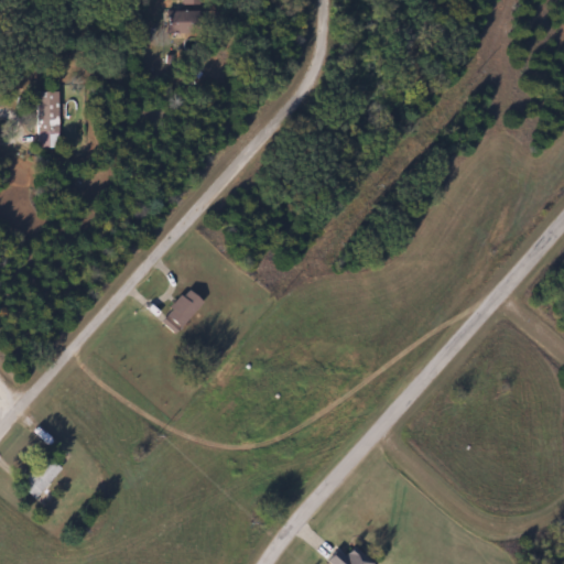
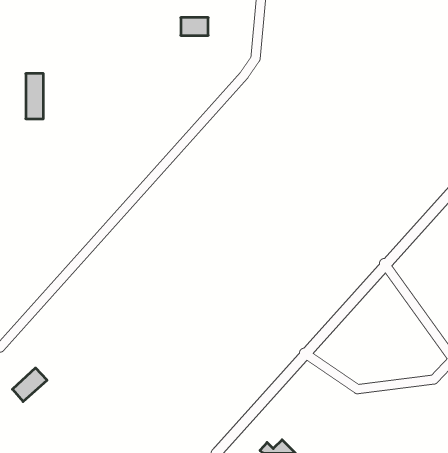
building: [166,10,200,32] -> [181,18,208,35]
building: [163,289,205,334] -> none

